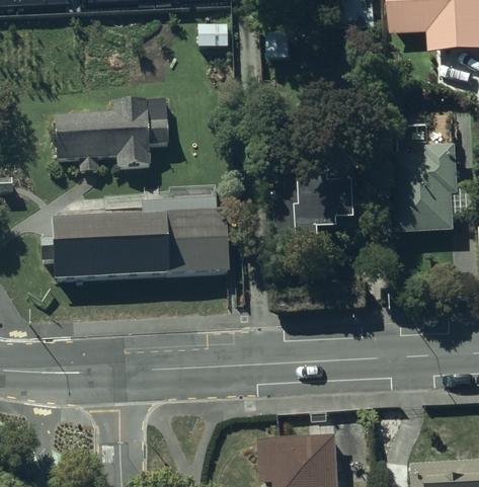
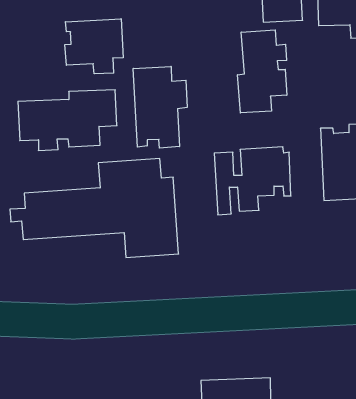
building: none -> [65,19,123,74]
building: none -> [238,30,287,113]
building: none -> [133,66,187,148]

